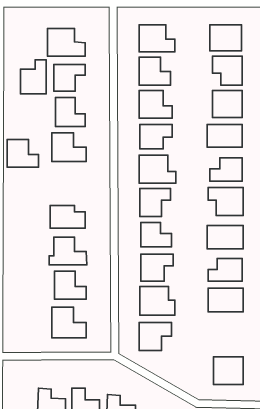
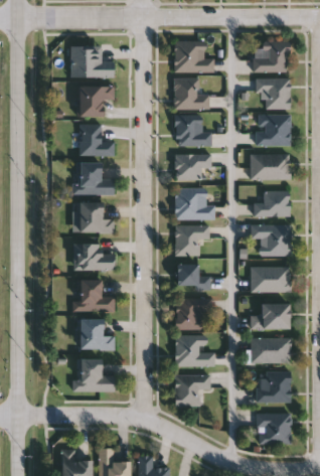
building: [21,60,46,94] -> none
building: [7,139,39,167] -> [78,202,114,233]
building: none -> [257,372,291,403]

